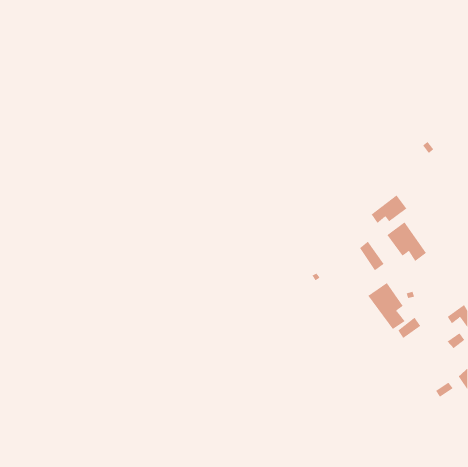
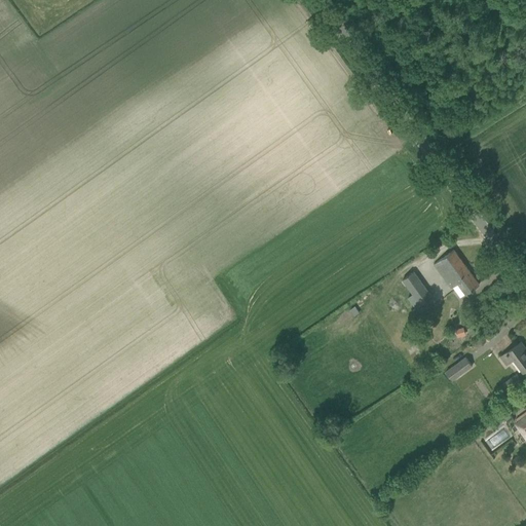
building: [371,195,407,224] -> none
building: [368,282,405,330] -> none

